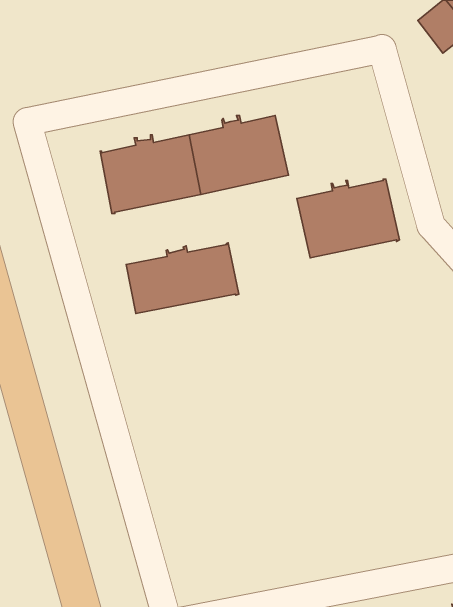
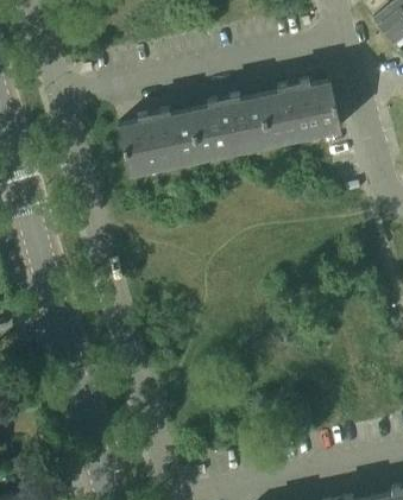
building: [297,179,399,258] -> [259,81,341,144]
building: [126,243,239,314] -> none

